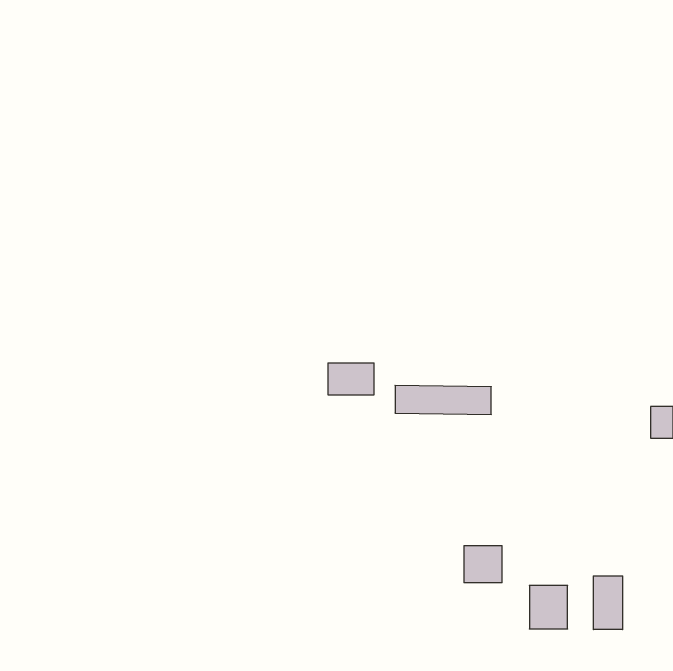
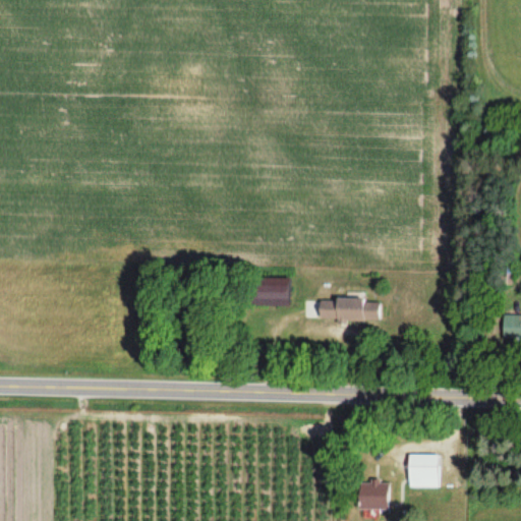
building: [464,546,502,583] -> [360,481,390,510]
building: [593,576,623,630] -> none

